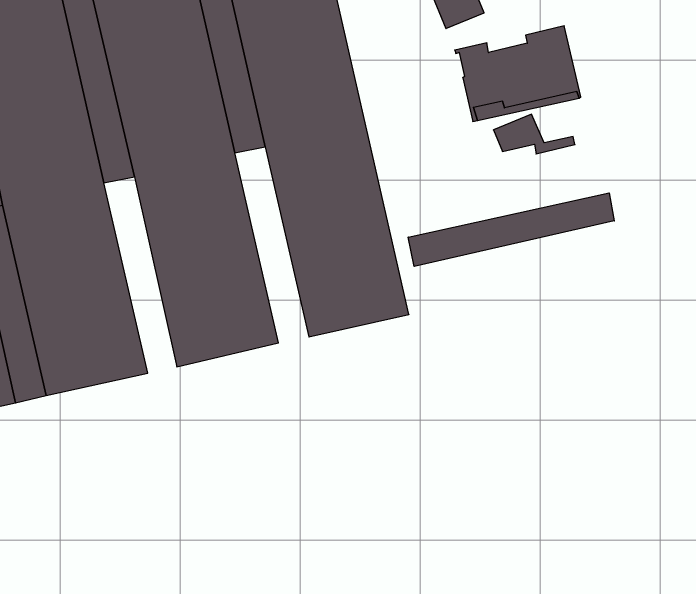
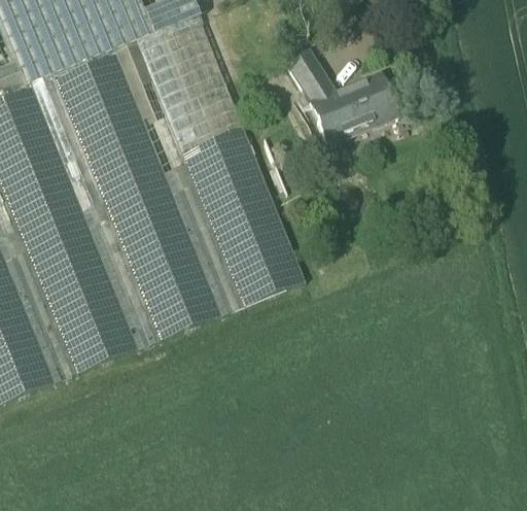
building: [493,114,575,154] -> [298,72,354,100]
building: none -> [172,184,241,313]
building: none -> [89,218,156,347]
building: [408,193,614,266] -> none

